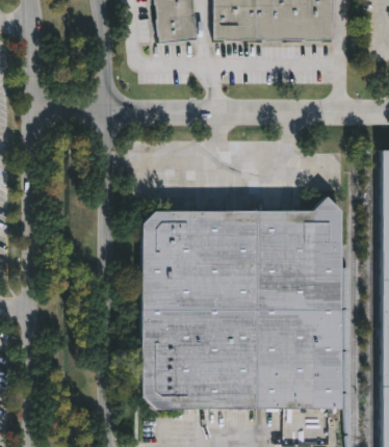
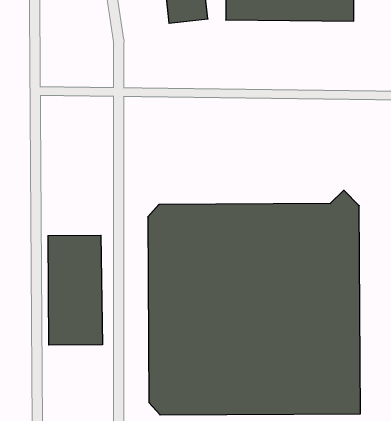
building: none -> [48,235,102,345]

